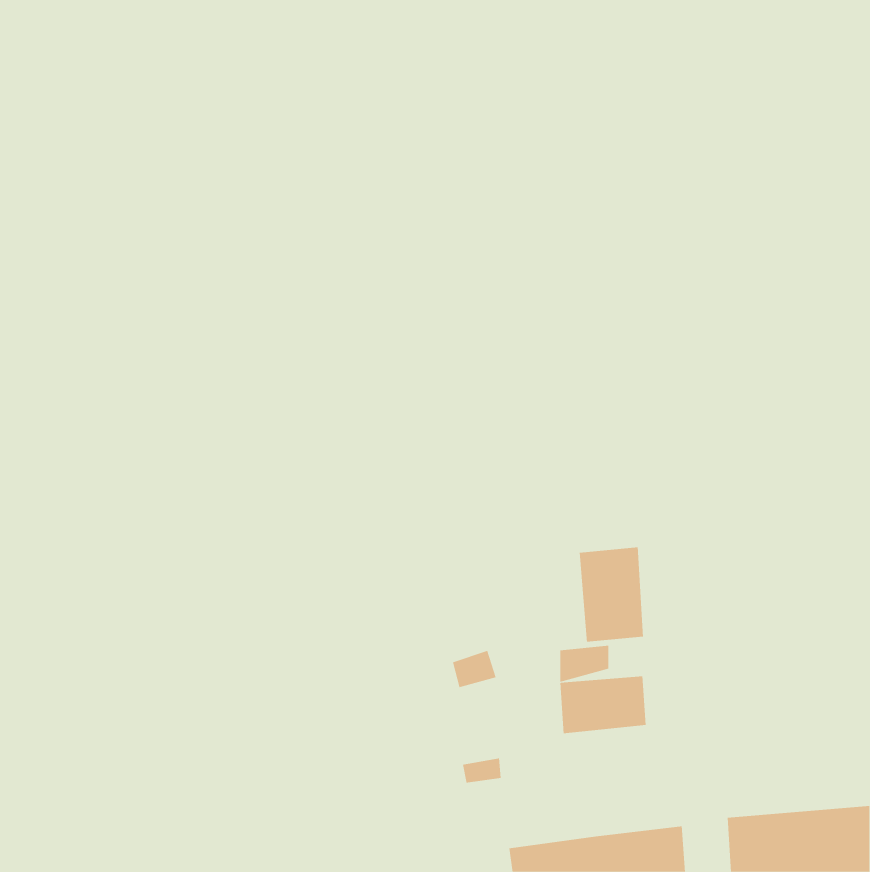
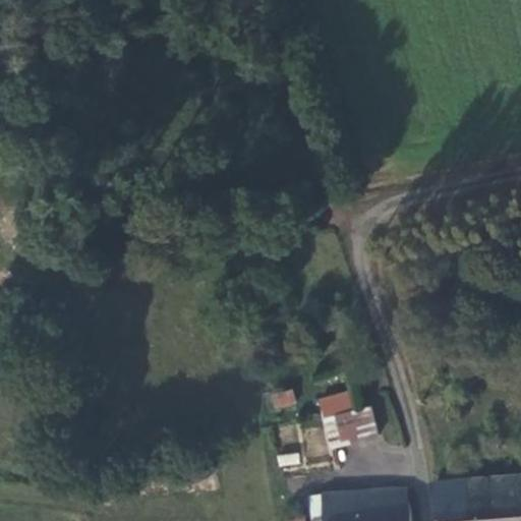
building: [579,547,643,642] -> none

